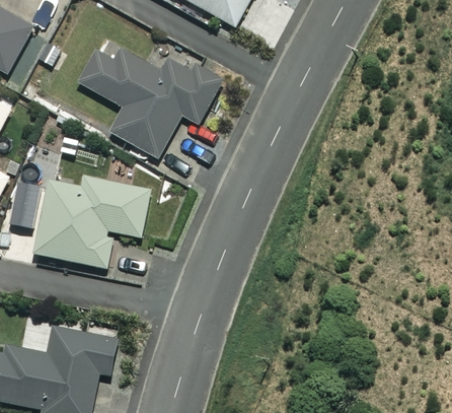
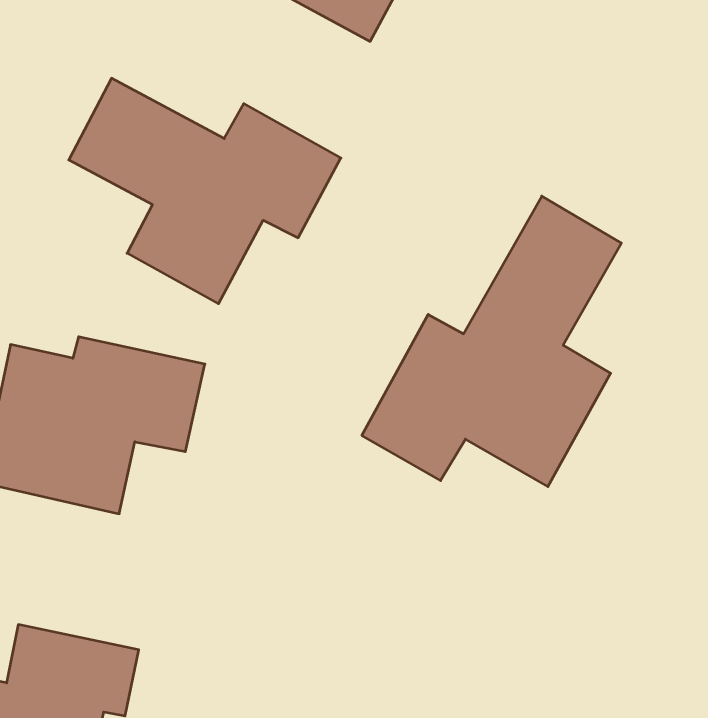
building: none -> [362,196,621,487]

